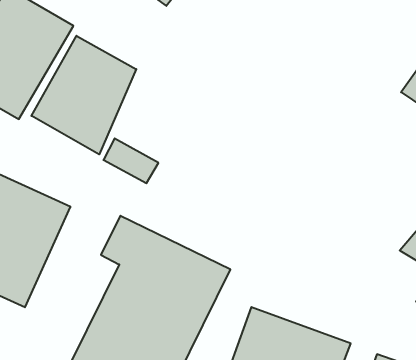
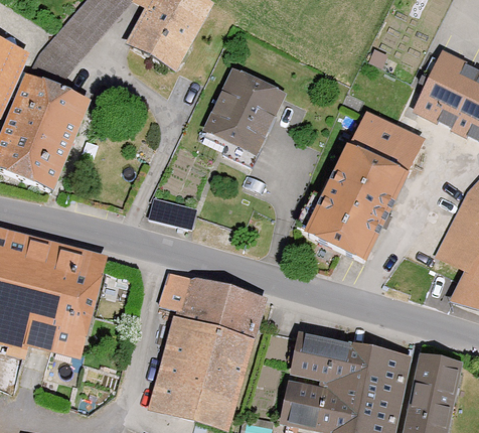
building: none -> [199,65,291,162]
building: [31,36,136,154] -> none
building: none -> [300,113,419,266]

